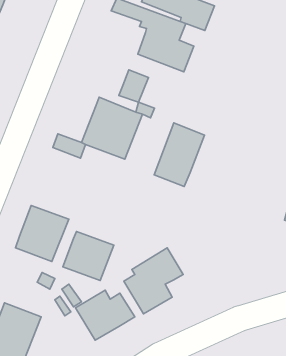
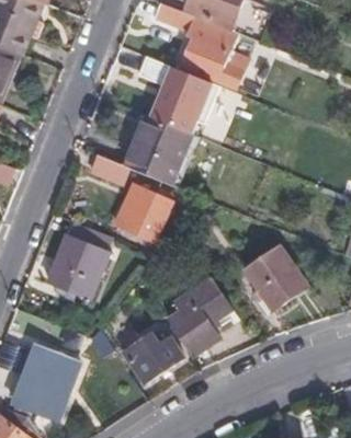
building: [154,123,205,186] -> none
building: none -> [246,249,305,310]
building: [63,231,114,281] -> [113,188,170,243]

